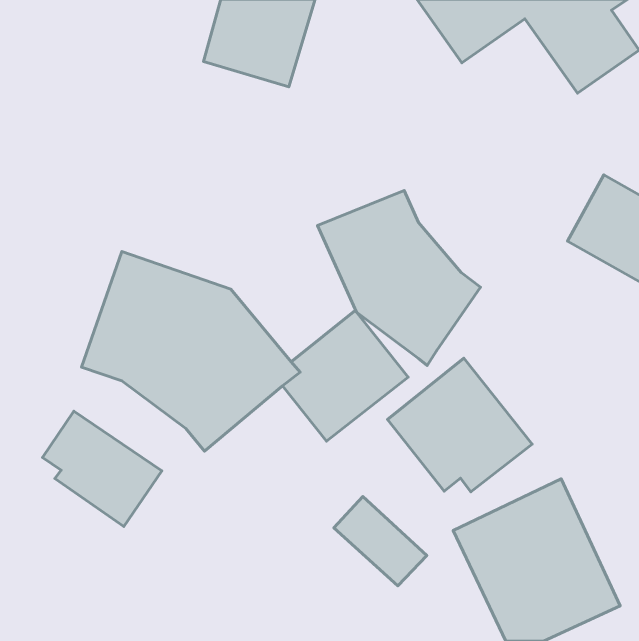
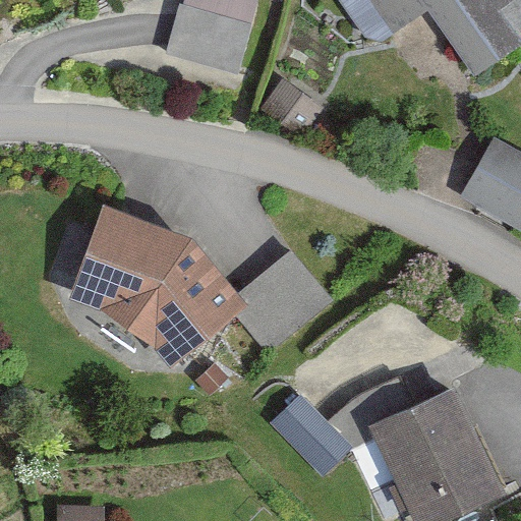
building: [318,191,480,365] -> none
building: [387,358,532,492] -> none
building: [42,411,162,526] -> none

